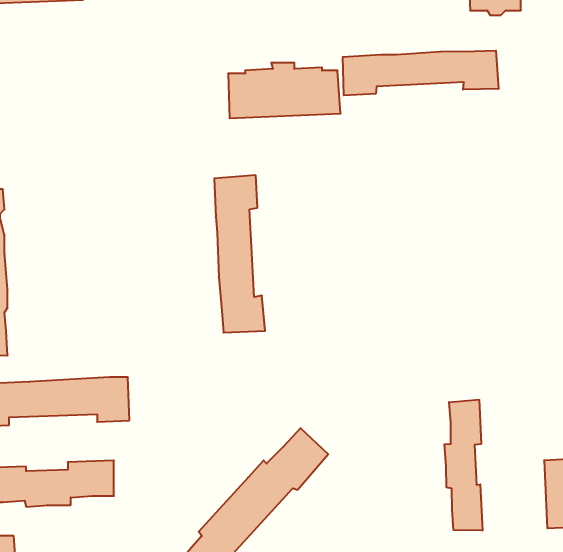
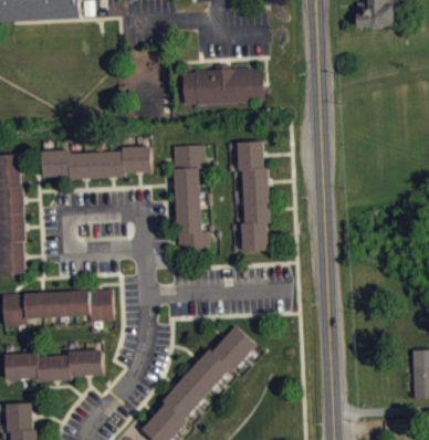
building: [343,51,498,95] -> none
building: none -> [238,140,271,251]
building: none -> [41,145,151,179]
building: [444,400,482,531] -> none

